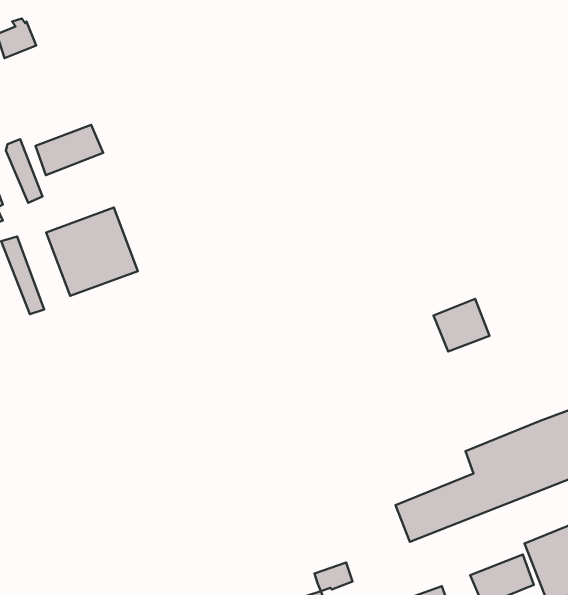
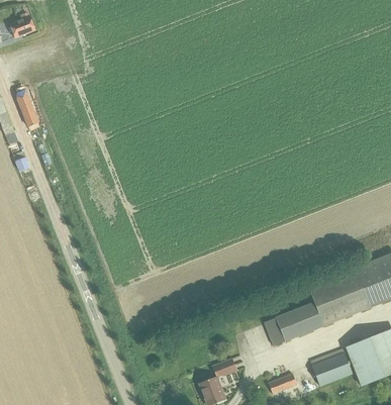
building: [35,125,103,175] -> none
building: [46,208,138,296] -> none
building: [433,299,489,352] -> none

